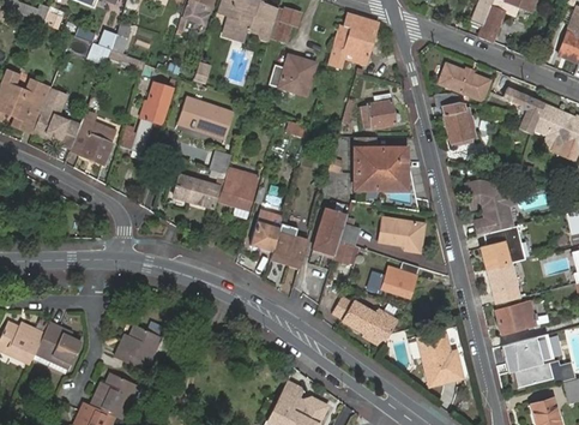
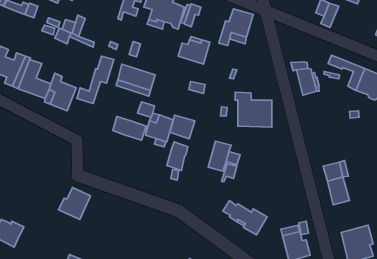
building: [439,64,490,100] -> none
building: [363,94,397,127] -> none
building: [466,181,514,233] -> none
building: [378,217,422,253] -> none
building: [271,232,308,267] -> [170,115,195,139]
building: [369,261,421,297] -> none
building: [497,300,536,333] -> none
building: [32,324,79,370] -> none
building: [114,328,161,375] -> [59,188,90,219]

